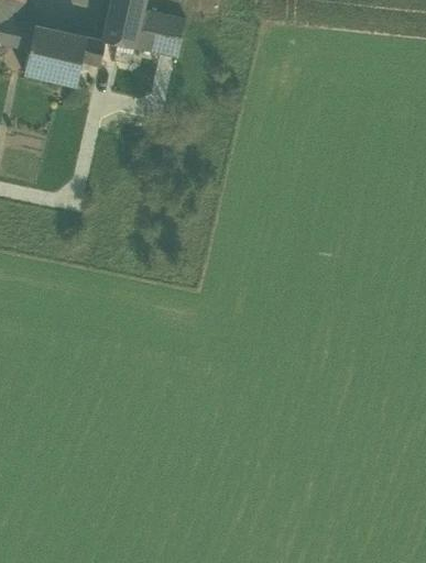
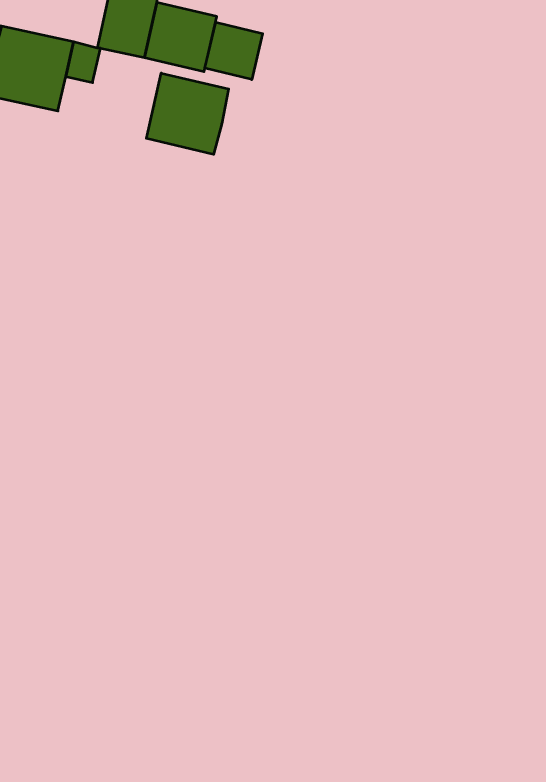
building: none -> [205,22,263,80]
building: none -> [146,73,229,154]

